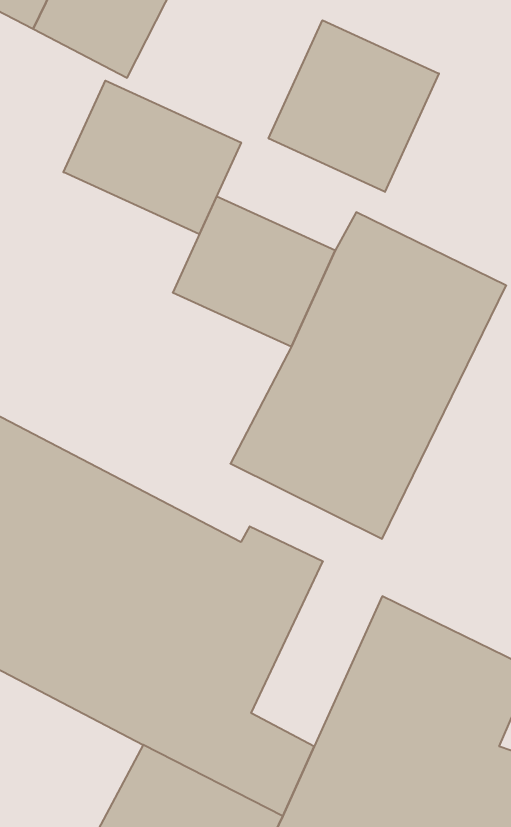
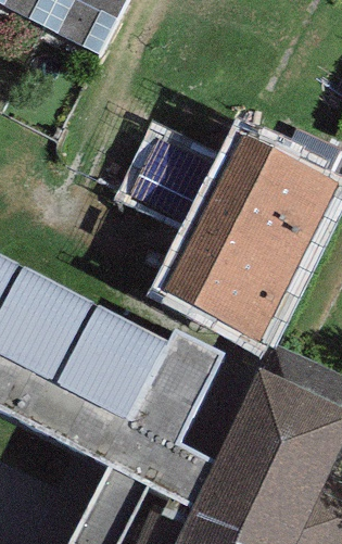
building: [269,20,439,192] -> none
building: [63,81,241,234] -> none

